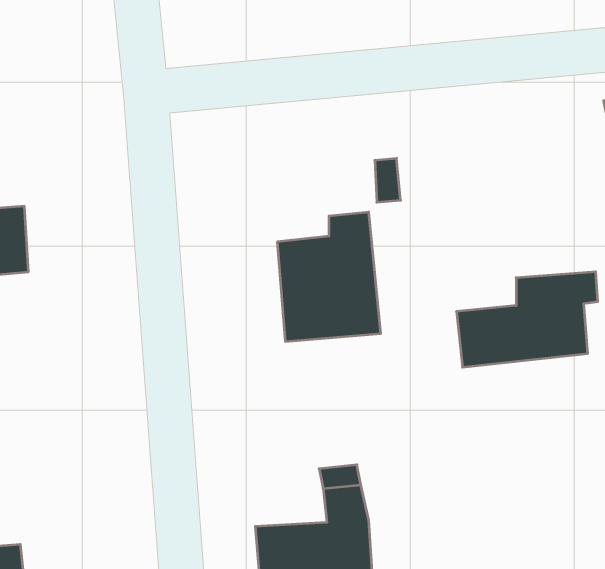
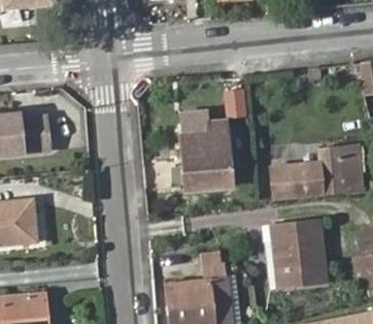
building: none -> [275,217,330,288]

